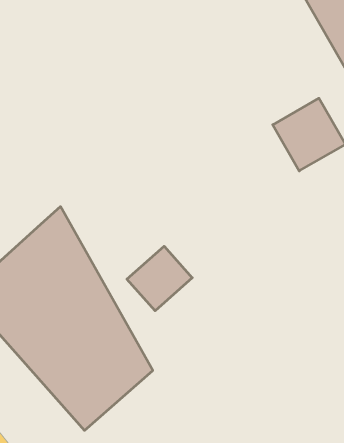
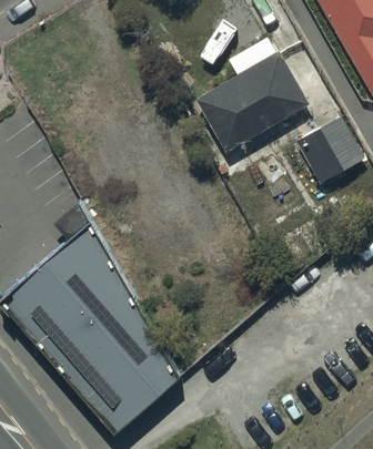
building: none -> [193,37,309,151]
building: [127,246,192,311] -> none

